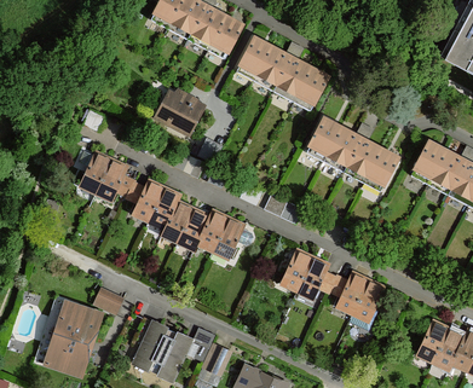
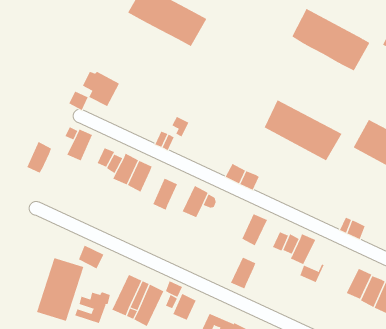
building: [237,37,328,110] -> [291,8,370,71]
building: [160,92,203,133] -> [82,71,120,107]
building: [97,160,126,197] -> [27,141,52,174]
building: [162,202,192,239] -> none
building: [197,210,227,248] -> none
building: [298,257,328,295] -> [230,257,256,289]
building: [353,280,383,317] -> [346,268,372,300]
building: none -> [75,291,111,324]

